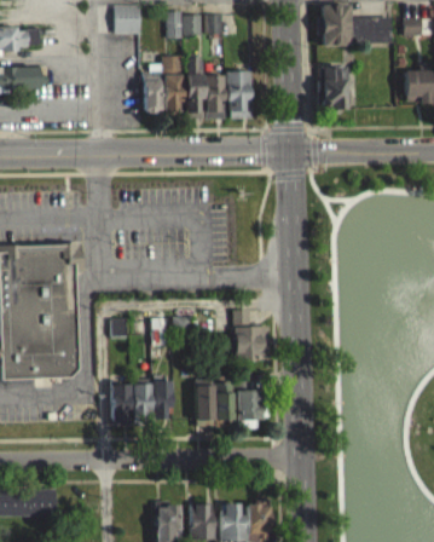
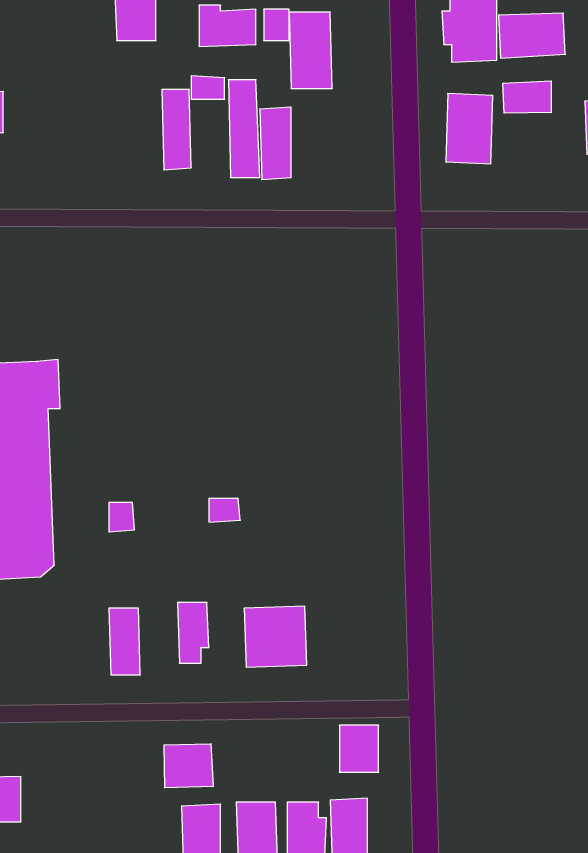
building: none -> [503,81,551,113]
building: [226,71,253,119] -> [289,12,332,88]
building: [163,75,183,114] -> none
building: [233,310,270,361] -> none
building: [133,384,152,421] -> none
building: [237,391,261,420] -> [339,725,379,772]
building: none -> [164,744,213,788]

